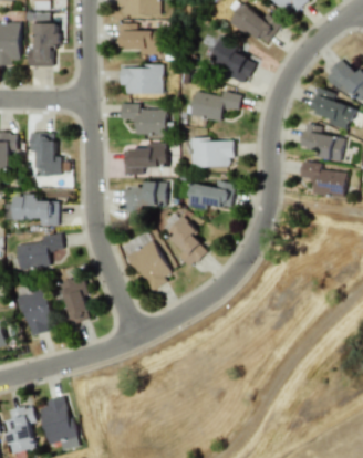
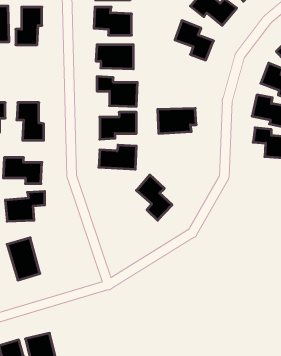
building: [190,91,241,122] -> none
building: [187,180,235,211] -> none
building: [124,231,172,291] -> none
building: [60,275,91,324] -> none

